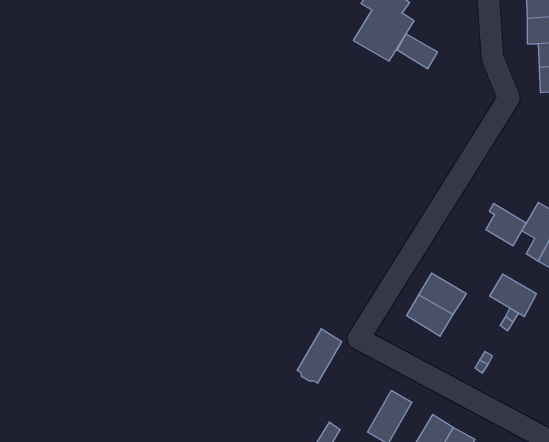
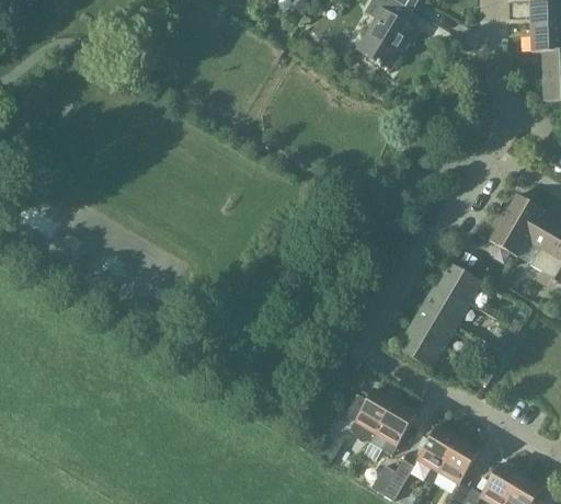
building: [397,34,437,69] -> none
building: none -> [497,193,543,232]
building: [490,274,536,317] -> [435,261,482,303]
building: none -> [397,325,444,368]
building: [297,329,342,383] -> [350,388,394,443]

